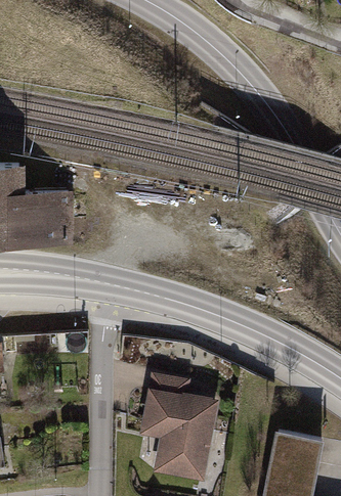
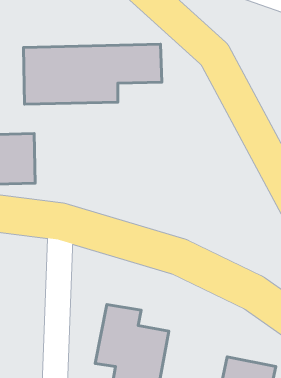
building: none -> [23,44,162,104]

